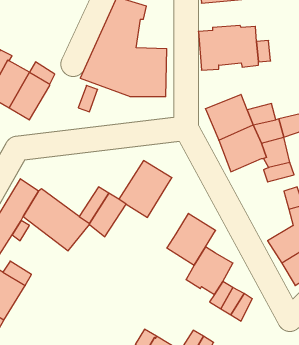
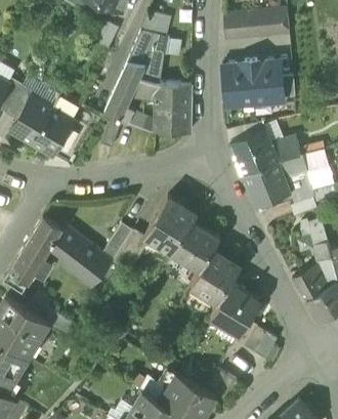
building: none -> [171,222,219,270]

